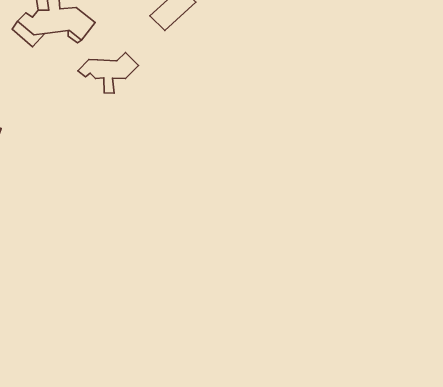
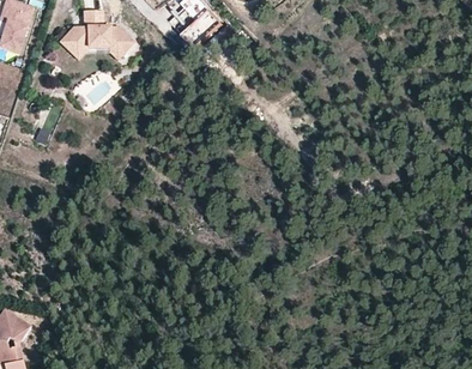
building: [78,52,139,93] -> none

